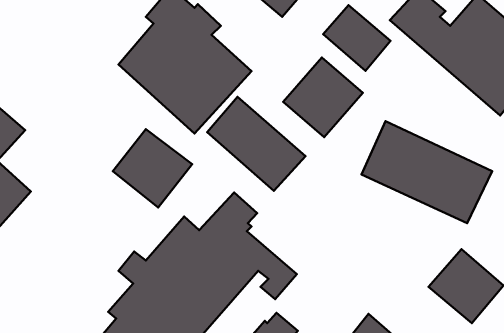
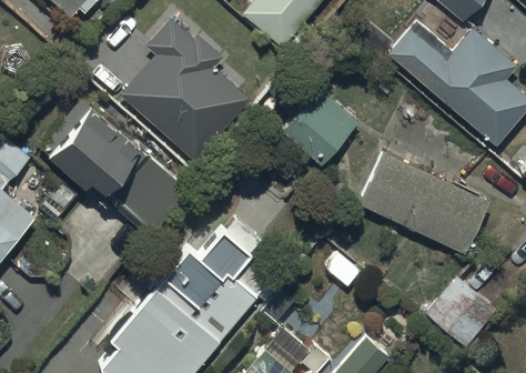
building: [323,5,390,71] -> none
building: none -> [41,102,140,189]
building: [207,97,305,191] -> none

